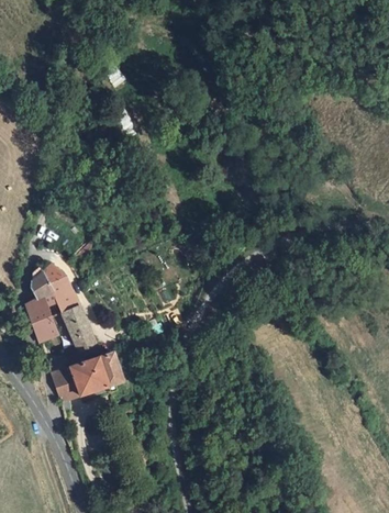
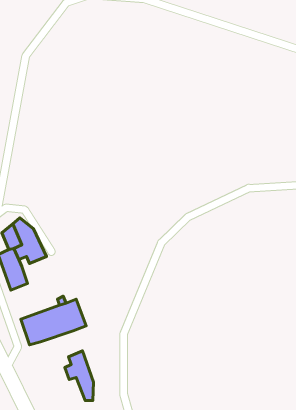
building: [60,304,97,353] -> none
building: none -> [65,351,93,401]

